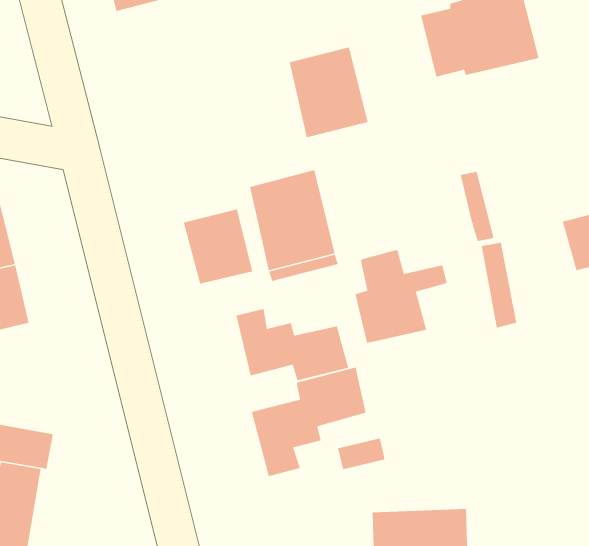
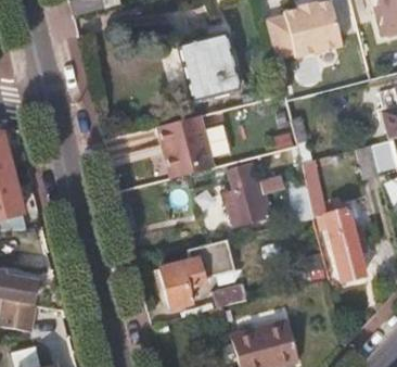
building: [183,209,253,285] -> none
building: [235,308,349,381] -> none
building: none -> [323,208,363,281]

